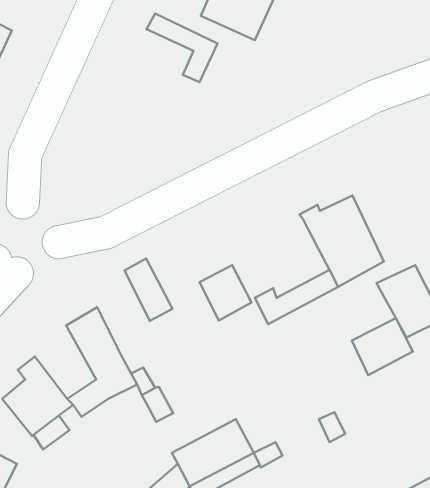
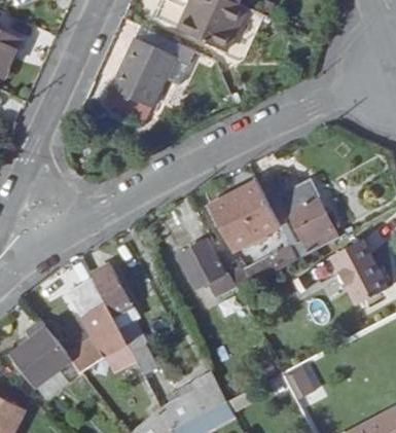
building: none -> [106,39,175,120]
building: none -> [212,181,281,249]
building: [124,258,173,321] -> [93,266,134,320]
building: [352,318,413,375] -> none

